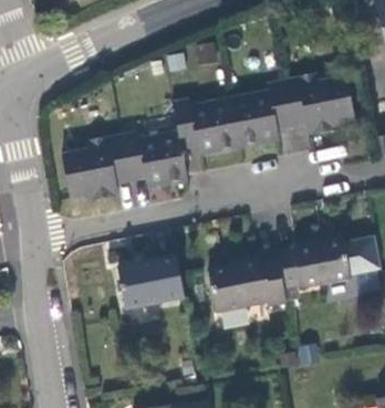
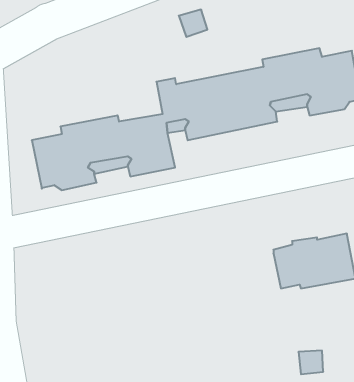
building: [116,257,184,310] -> none
building: [207,257,287,313] -> none

